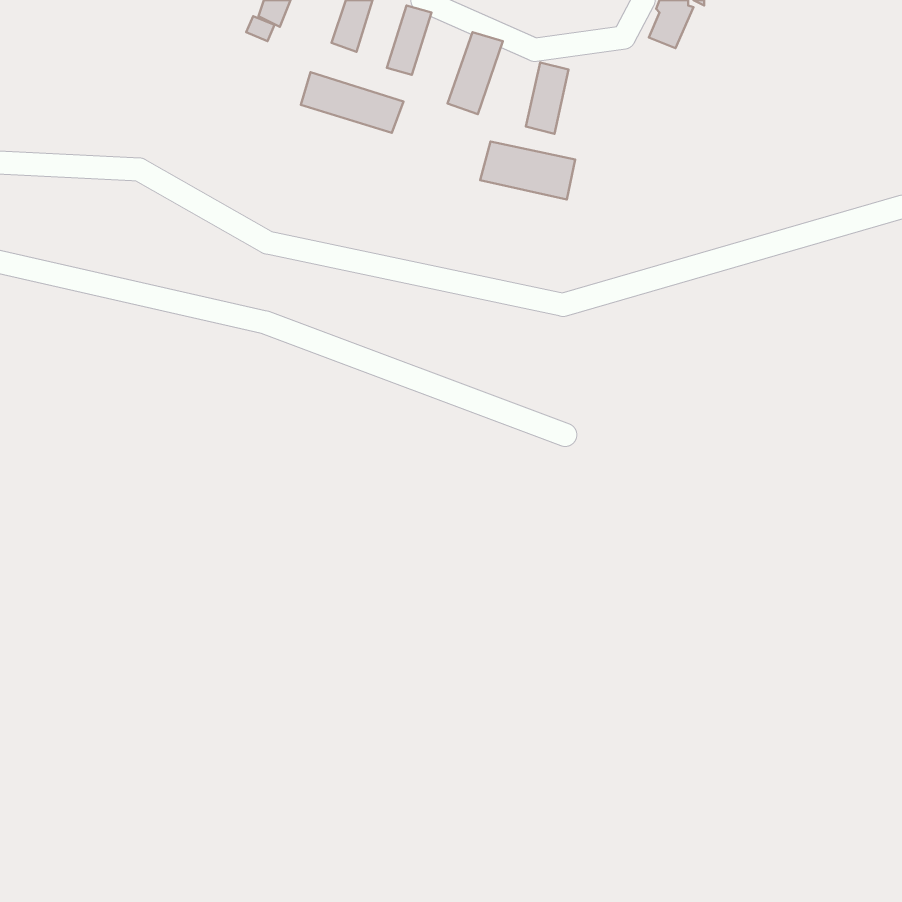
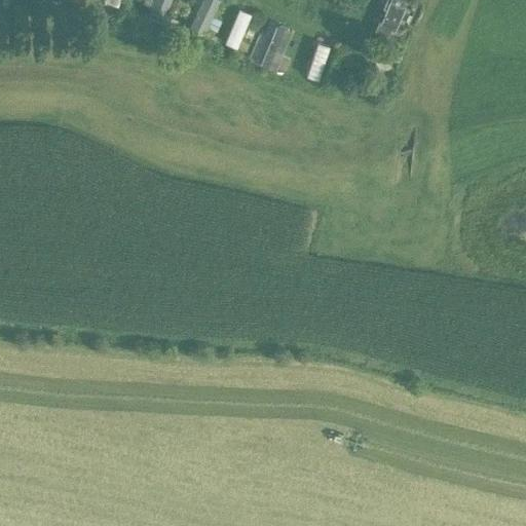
building: [301,72,403,133] -> none
building: [480,141,575,199] -> none

